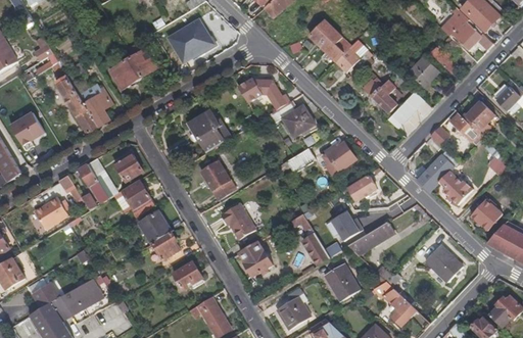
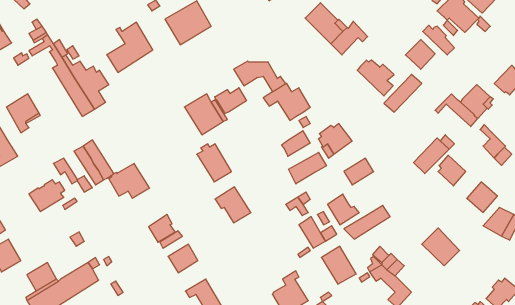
building: none -> [215,88,246,114]
building: [113,154,141,181] -> none
building: none -> [289,152,326,184]
building: [138,210,170,243] -> none
building: [239,242,273,278] -> none

